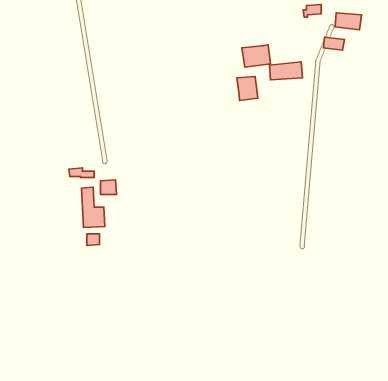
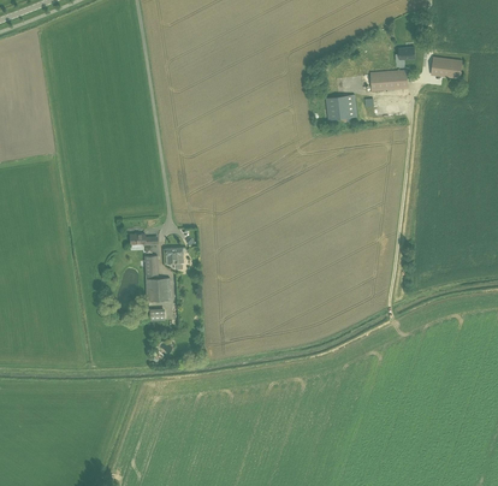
building: [269,62,302,80] -> [369,70,407,90]
building: [237,76,258,100] -> none

